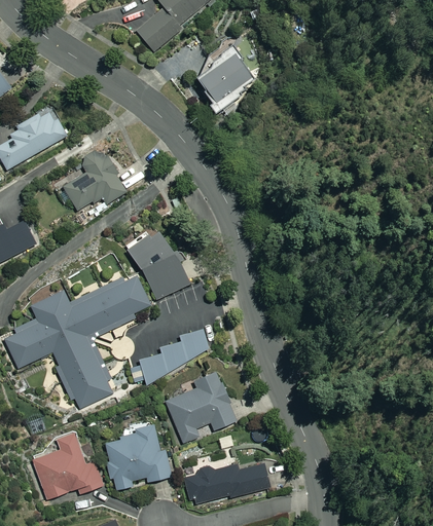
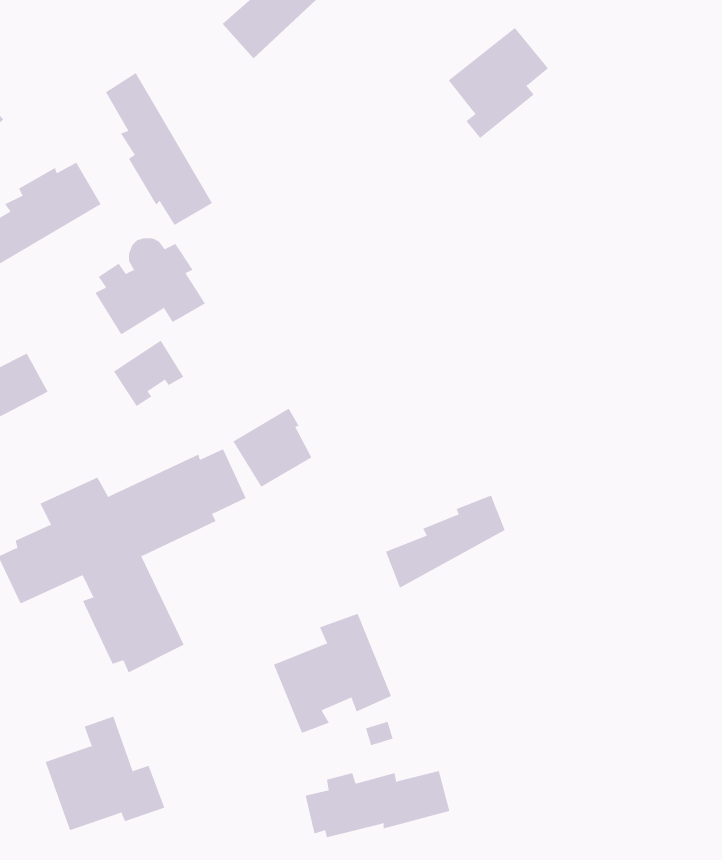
building: [196,49,255,114] -> [448,27,549,139]
building: none -> [105,72,213,226]
building: [128,231,169,270] -> [113,340,184,407]
building: [139,329,209,383] -> [385,495,506,589]
building: [106,422,173,490] -> none

